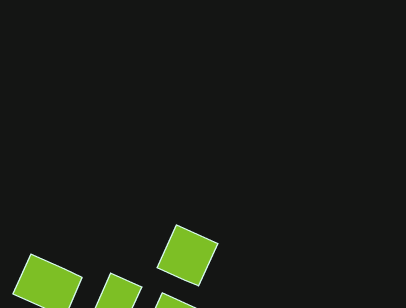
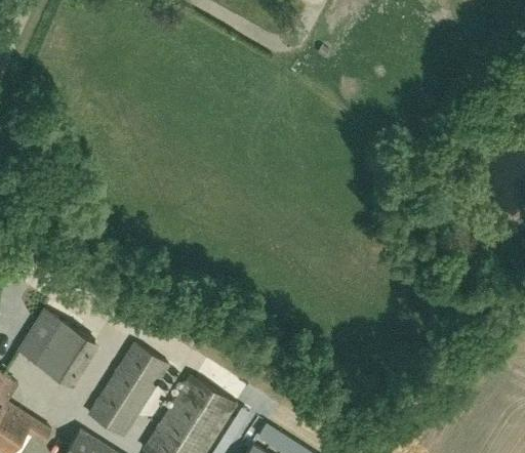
building: [157,225,218,286] -> none

